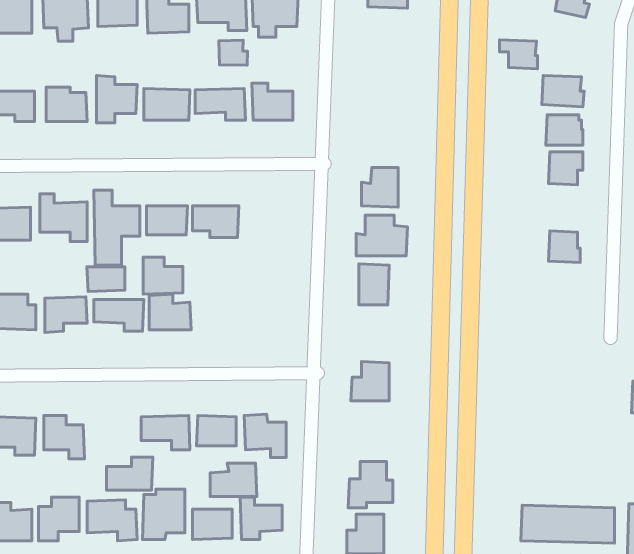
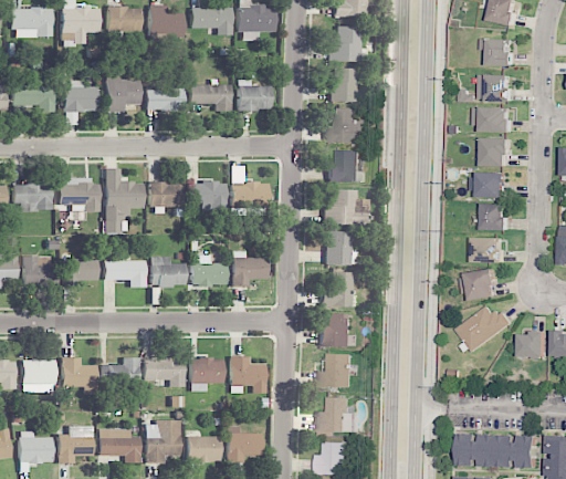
building: none -> [328,27,366,62]
building: [499,40,538,69] -> [484,39,516,63]
building: [219,40,247,65] -> none
building: none -> [332,69,356,102]
building: none -> [326,108,359,143]
building: none -> [482,171,511,197]
building: none -> [229,183,268,216]
building: [143,257,183,294] -> [192,256,226,287]
building: [87,267,125,291] -> none
building: none -> [476,237,507,263]
building: none -> [232,252,266,287]
building: none -> [462,268,501,301]
building: none -> [321,272,352,308]
building: none -> [458,306,516,353]
building: none -> [523,331,549,358]
building: none -> [318,354,352,387]
building: [107,457,153,490] -> [101,357,139,385]
building: [210,463,257,496] -> none

